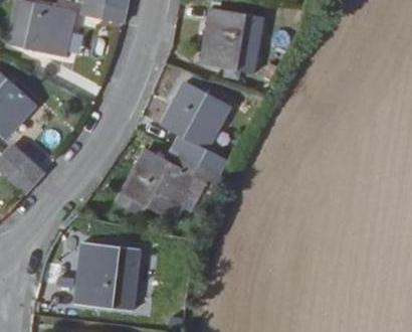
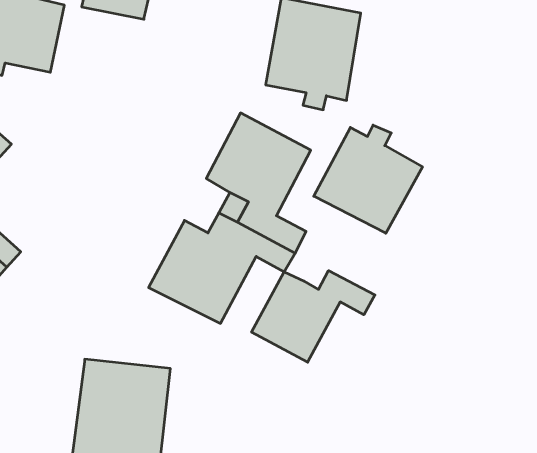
building: none -> [314,125,422,233]
building: none -> [252,271,375,362]

